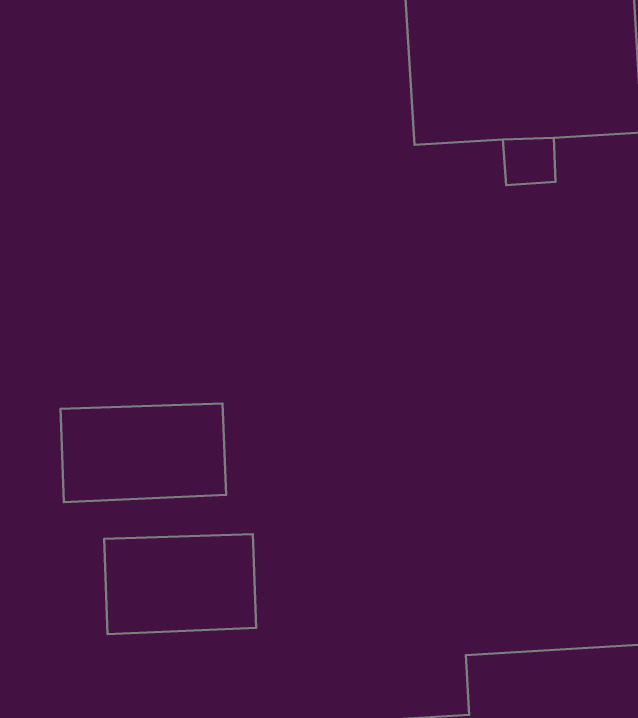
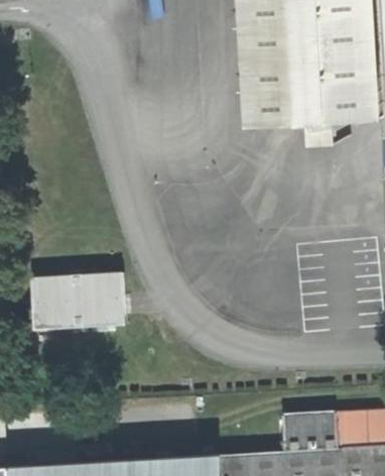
building: [104,534,256,634] -> none

